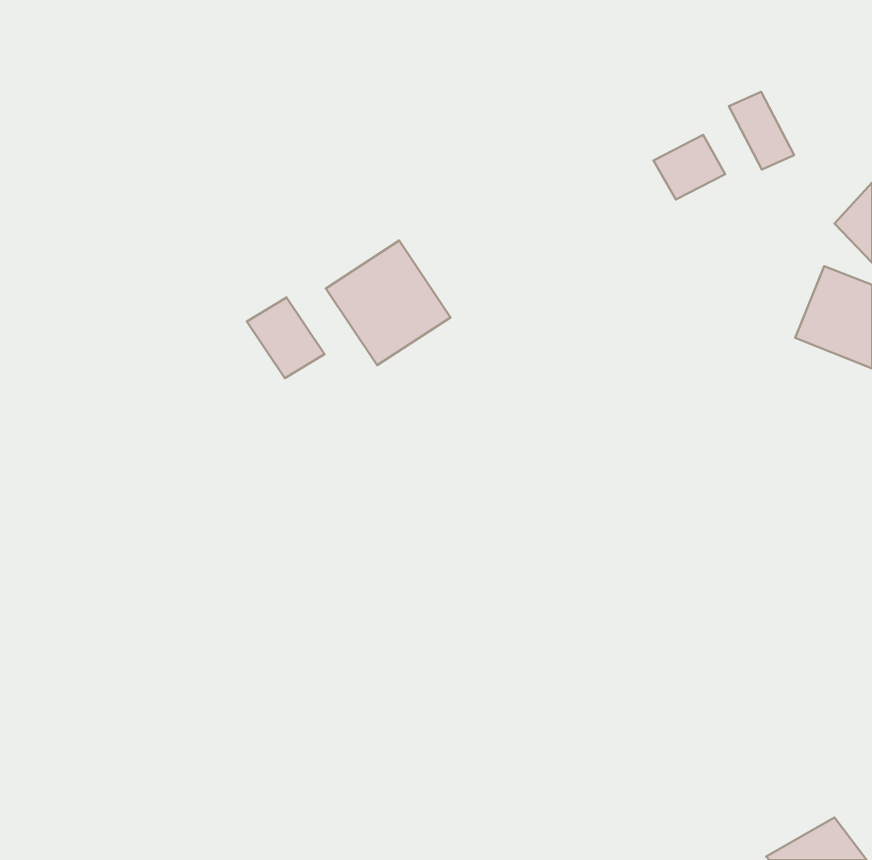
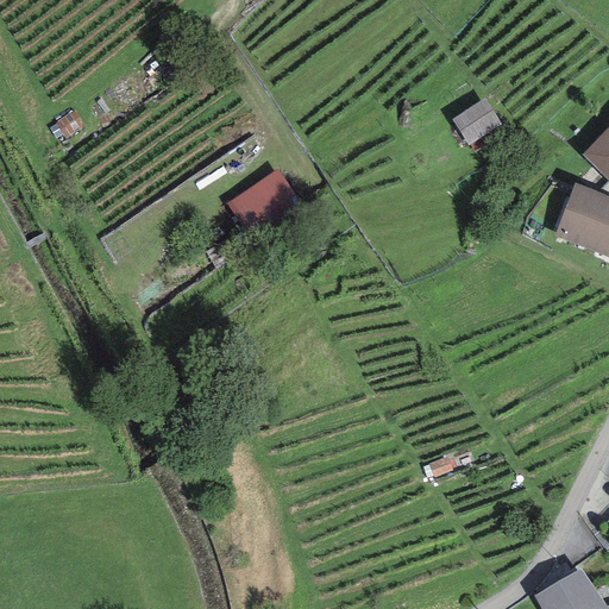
building: [729,92,794,170] -> none
building: [247,297,324,378] -> none

